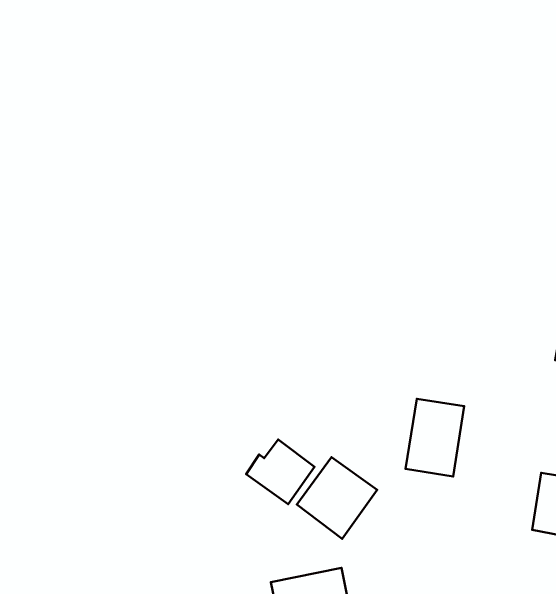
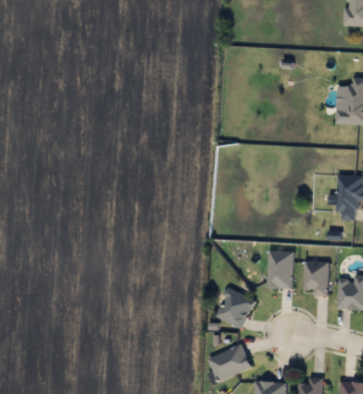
building: none -> [303,261,328,295]
building: [246,439,315,504] -> none

